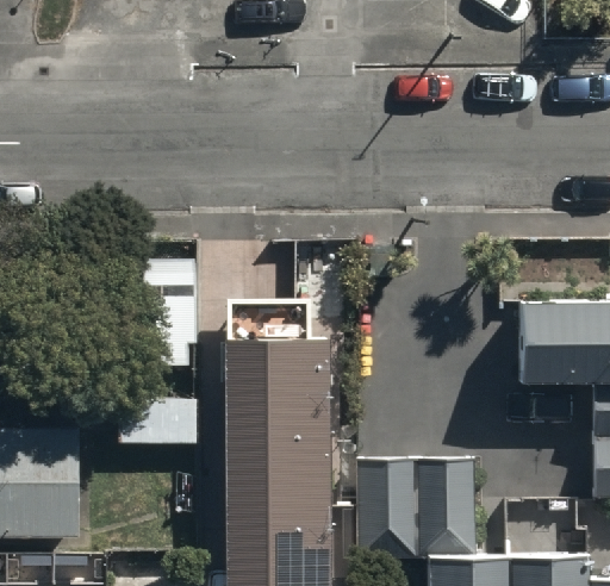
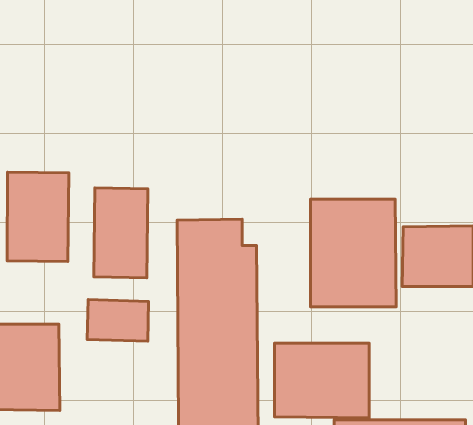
building: none -> [7,172,69,262]
building: none -> [311,199,396,307]

